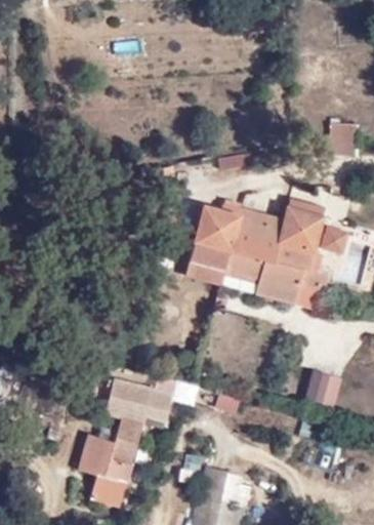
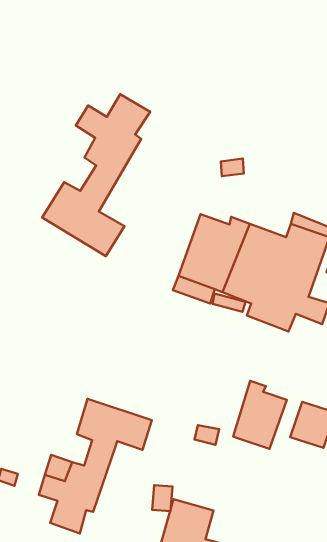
building: none -> [42,94,150,256]
building: none -> [233,381,287,449]

